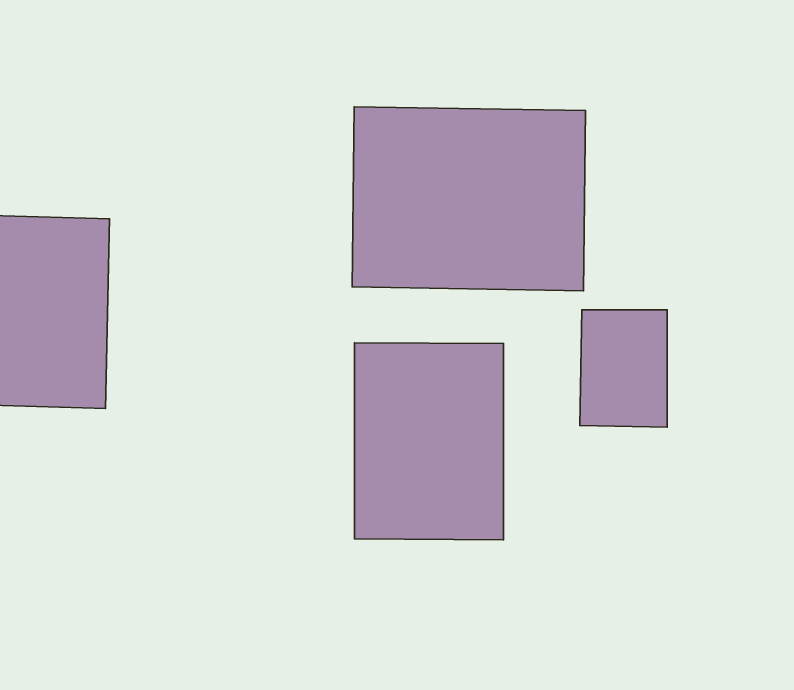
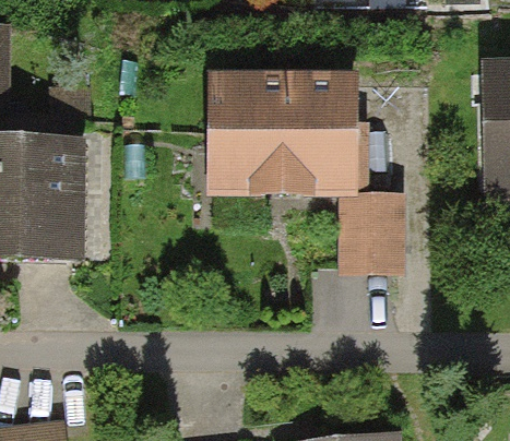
building: [355,343,504,540] -> none

